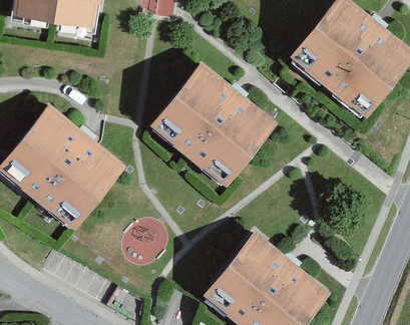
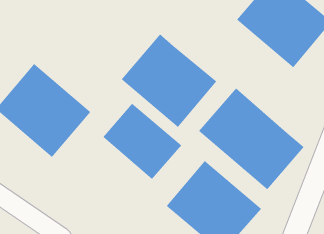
building: none -> [198,88,305,190]
building: none -> [102,103,182,180]

